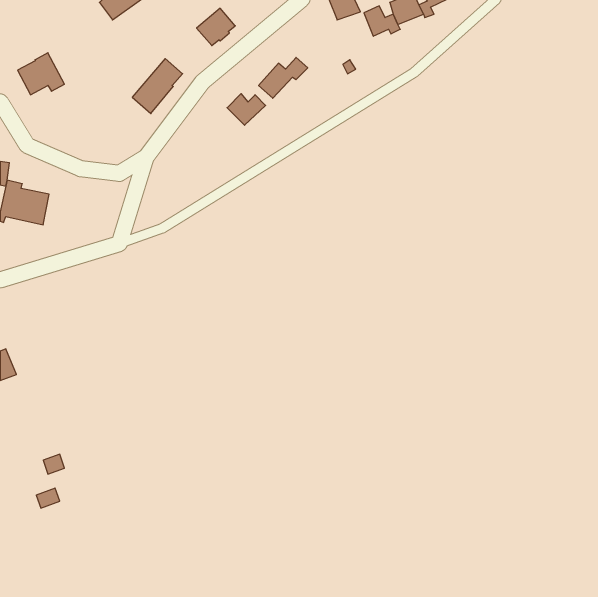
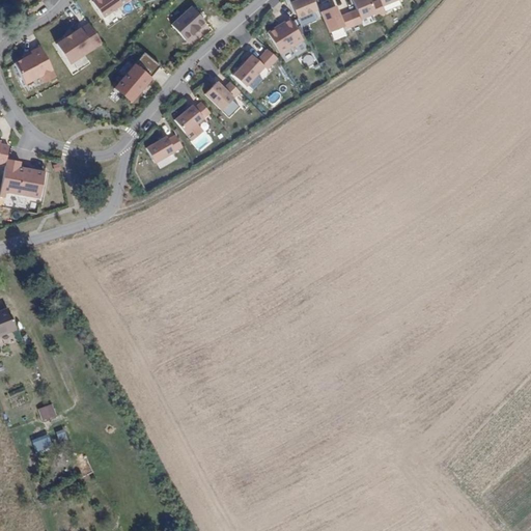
building: none -> [264,20,300,56]
building: none -> [58,23,103,63]
building: none -> [170,103,205,134]
building: none -> [142,135,177,163]

